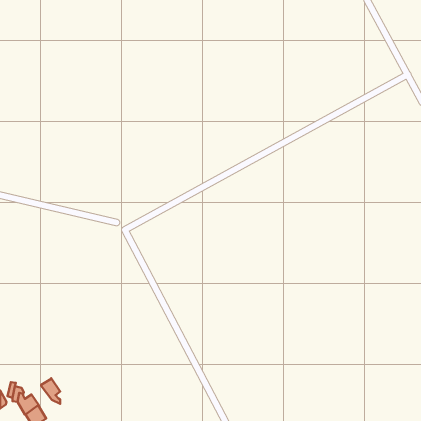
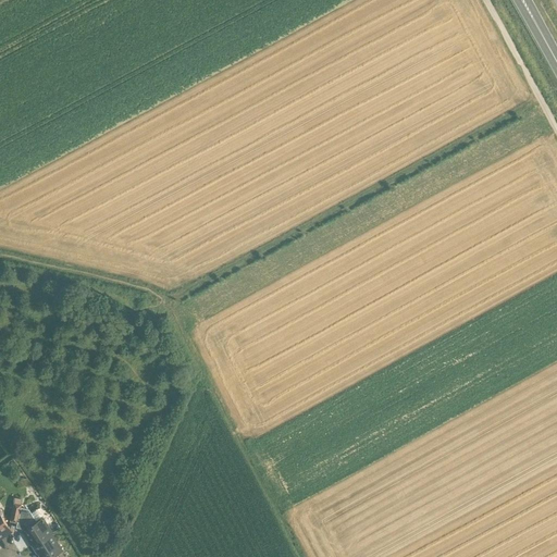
building: [41,378,60,404] -> none

